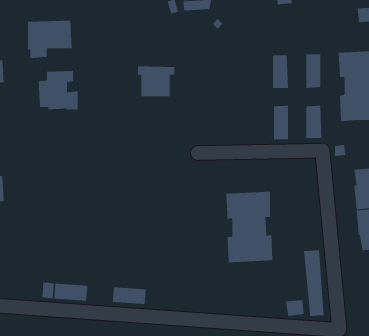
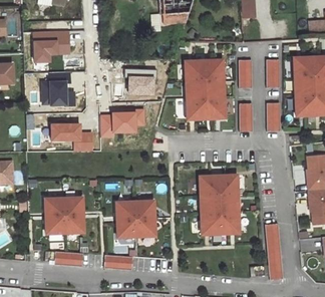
building: none -> [185,60,224,119]
building: none -> [100,109,144,138]
building: none -> [50,123,93,152]
building: none -> [44,198,83,234]
building: none -> [115,201,154,237]

